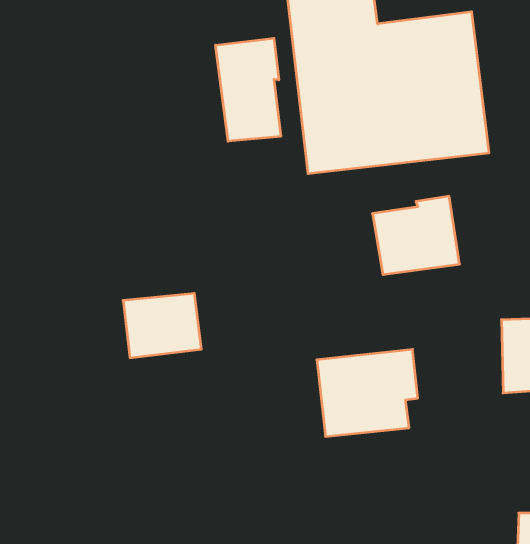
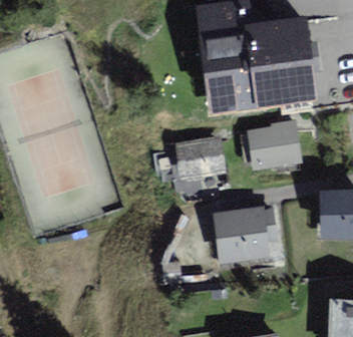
building: [216,38,281,141] -> none
building: [123,293,201,358] -> [179,140,224,178]

